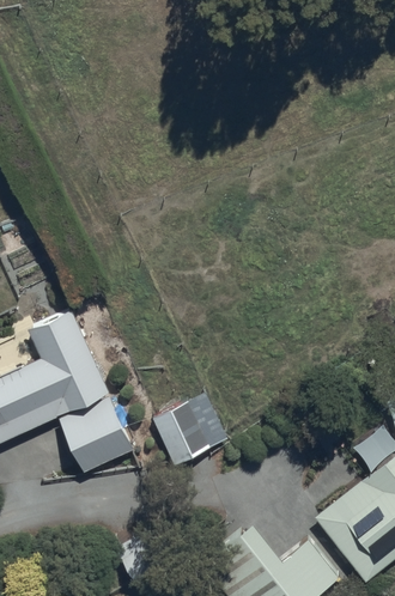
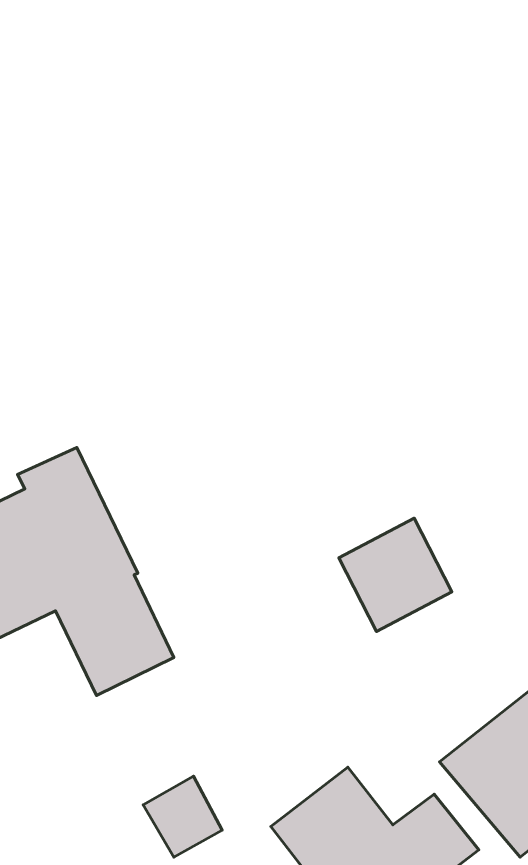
building: [153,393,229,468] -> [339,518,452,631]

